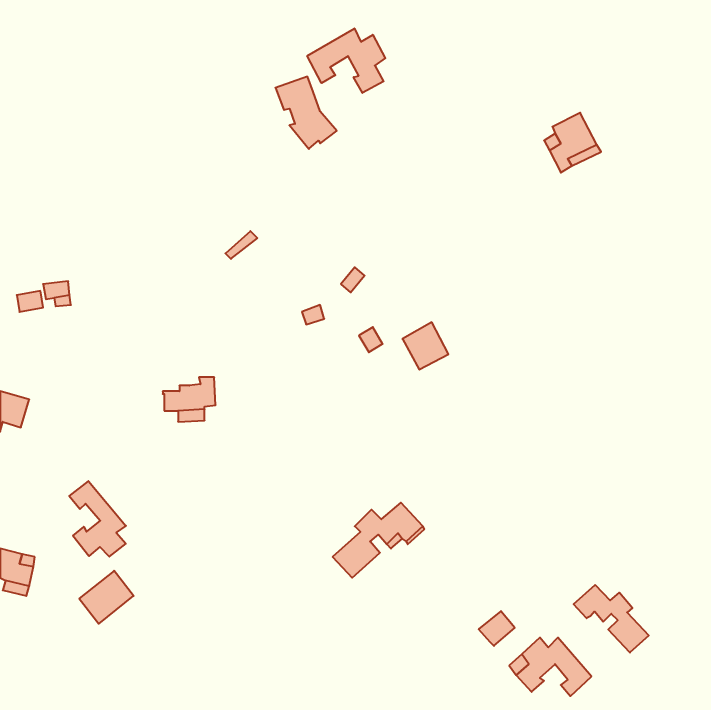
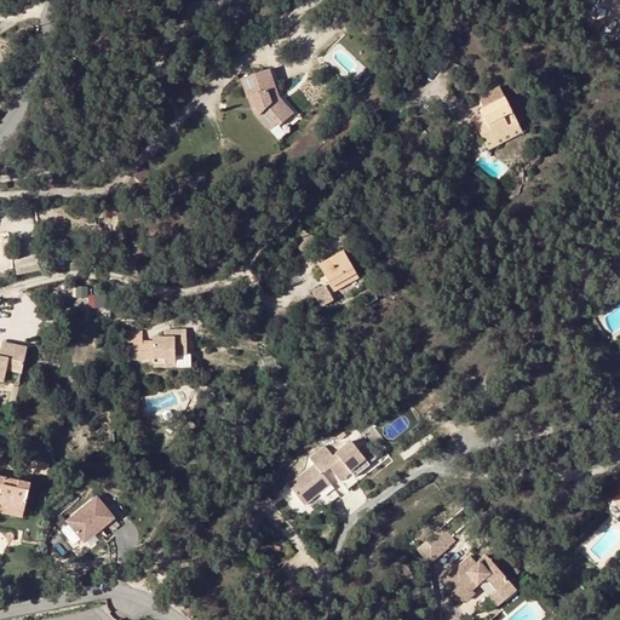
building: [307,28,385,93] -> none
building: [402,322,448,370] -> [318,251,358,292]
building: [69,481,126,557] -> none
building: [574,585,649,653] -> none

